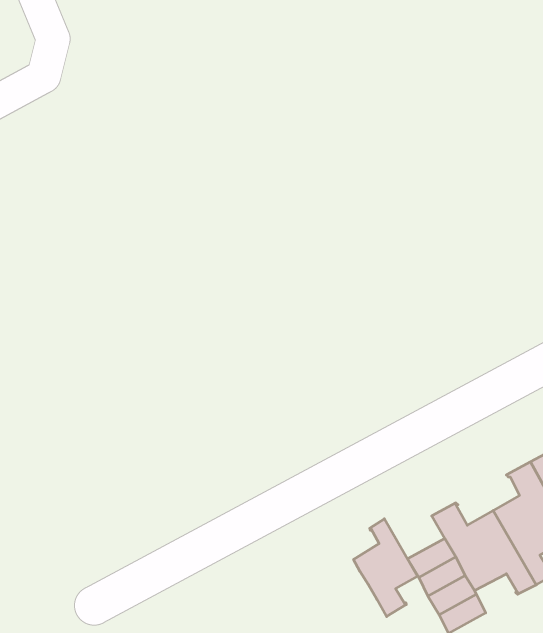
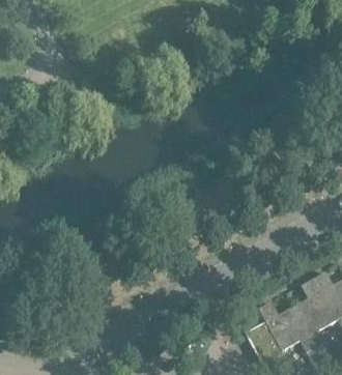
building: [354,519,417,617] -> none

